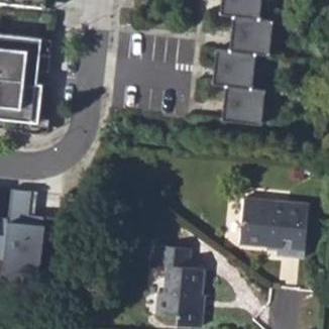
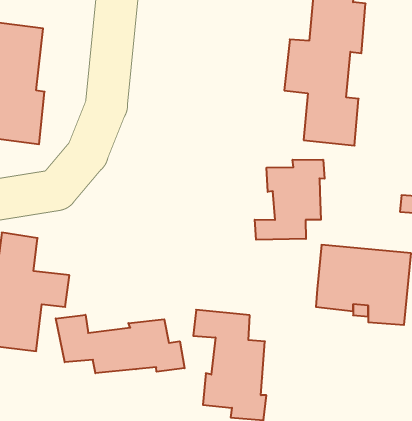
building: none -> [255,160,325,240]
building: none -> [56,315,185,373]

